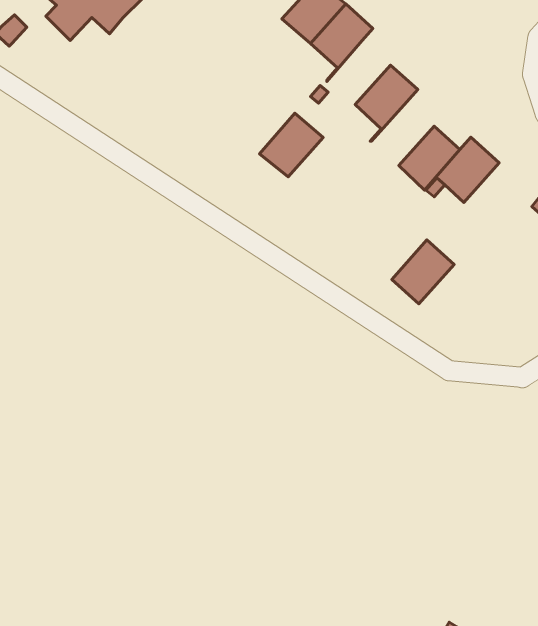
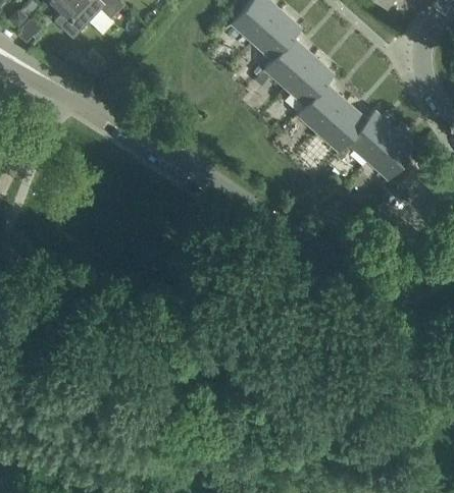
building: none -> [297,83,344,130]
building: [259,113,323,177] -> [263,37,311,85]
building: [392,240,454,304] -> [366,128,413,176]

